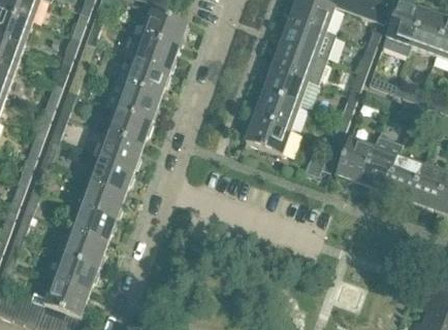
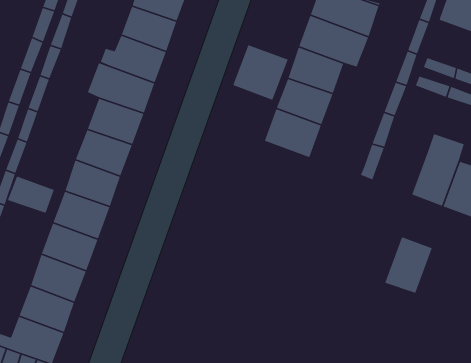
building: none -> [232,44,289,101]
building: [337,136,375,182] -> [384,236,433,294]
building: none -> [7,175,55,214]

